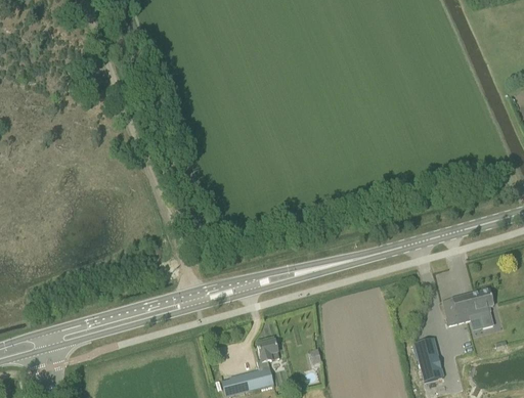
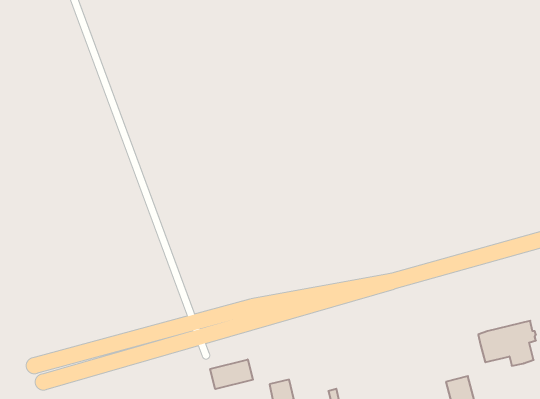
building: none -> [210,359,253,389]

